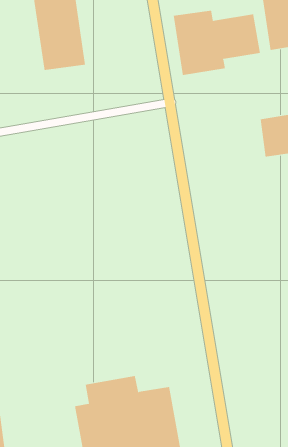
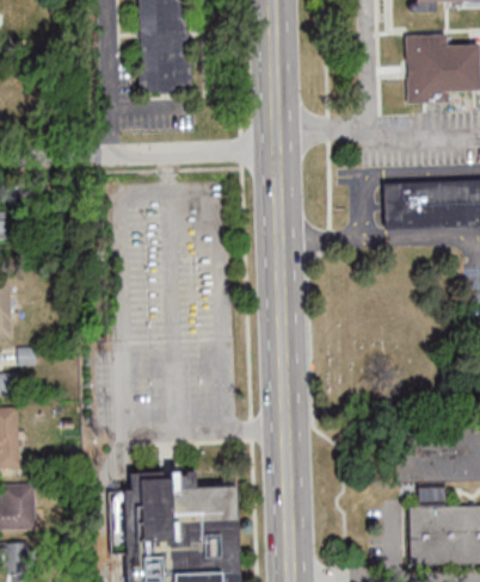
building: [173,10,260,76] -> none

